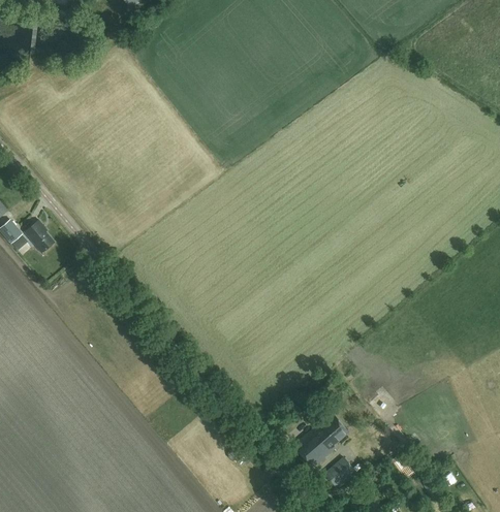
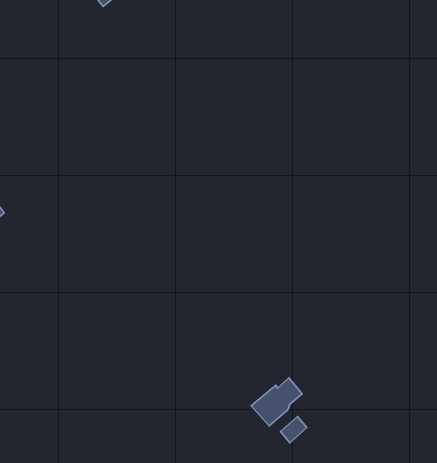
building: [25,221,55,254] -> none

